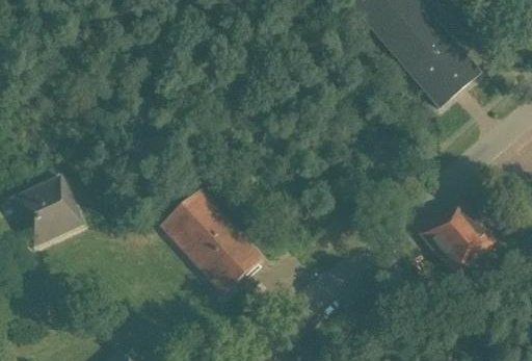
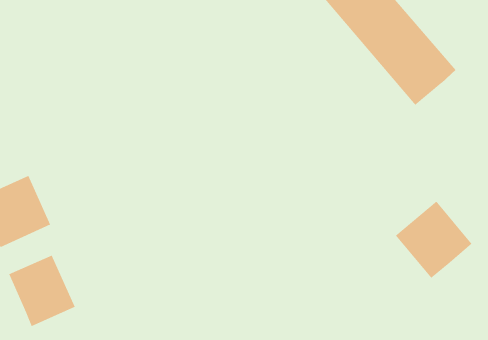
building: [162,188,264,293] -> none
building: none -> [8,255,76,327]

